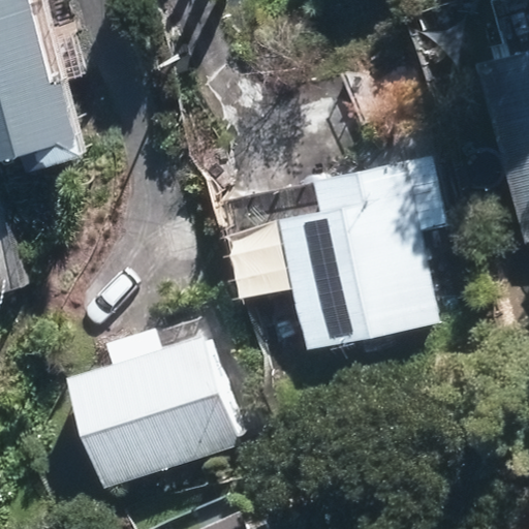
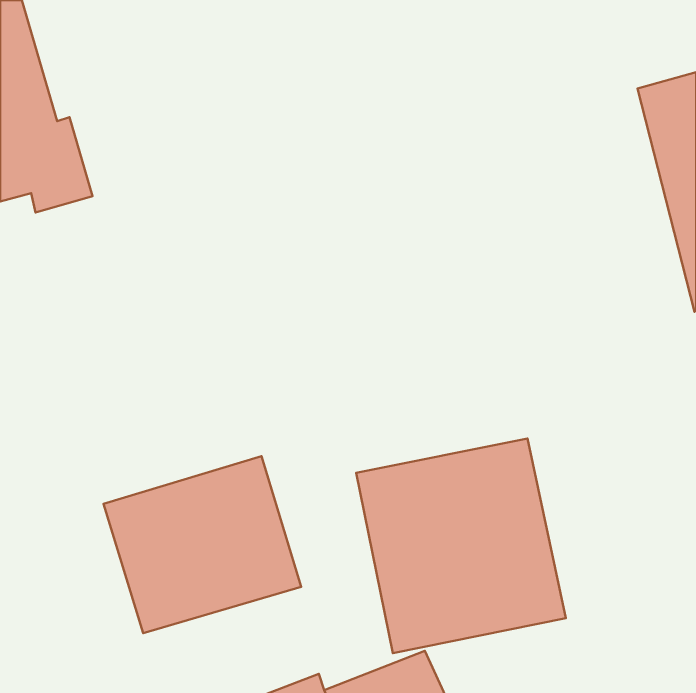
building: [283,204,429,346] -> none
building: none -> [356,438,566,653]

